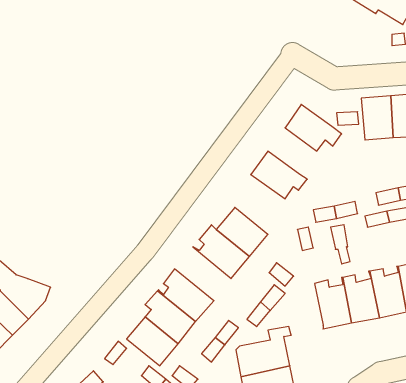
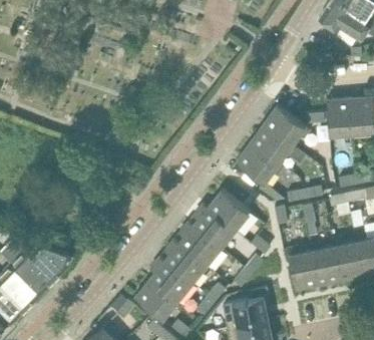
building: none -> [250,125,304,163]
building: none -> [173,223,220,267]

